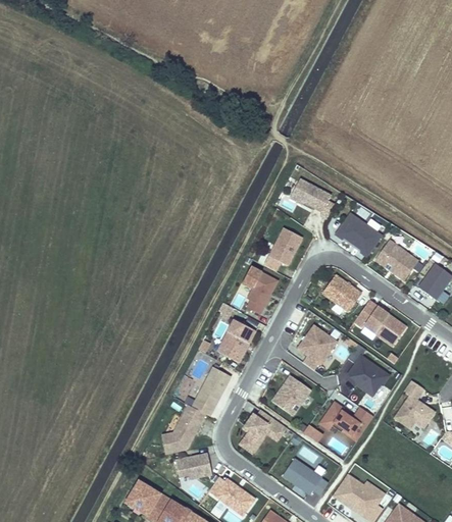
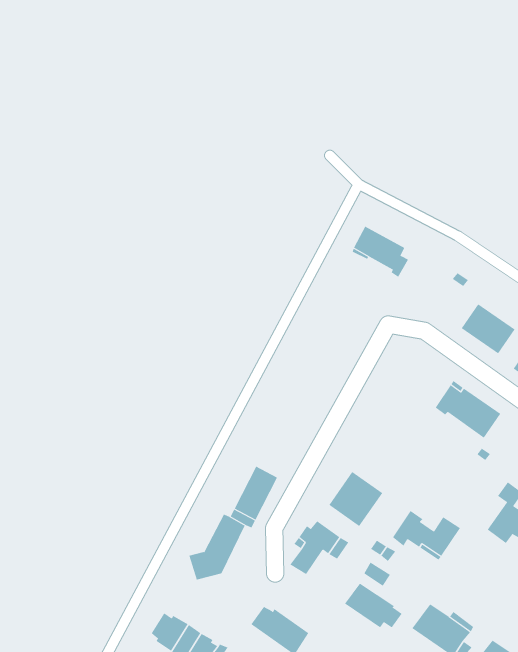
building: [335,213,382,257] -> none
building: [270,228,301,265] -> none
building: [242,266,278,314] -> none
building: [320,272,363,313] -> none
building: [217,318,256,363] -> none
building: [297,325,337,370] -> none
building: [348,344,389,396] -> none
building: [177,454,213,480] -> none

